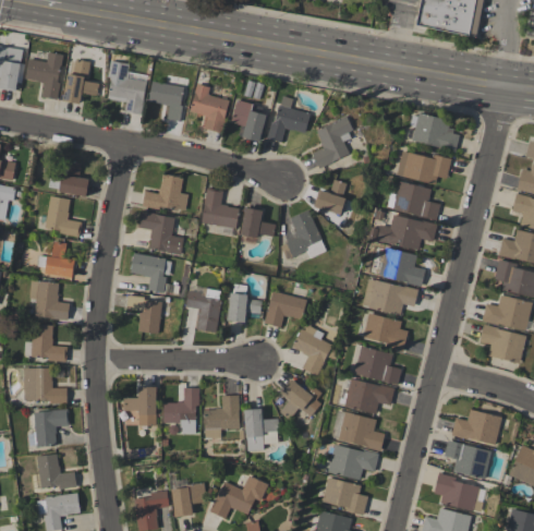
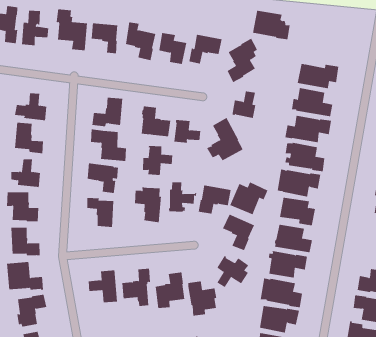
building: [412,112,460,152] -> [252,10,291,40]
building: none -> [143,145,173,176]
building: none -> [230,182,268,215]

